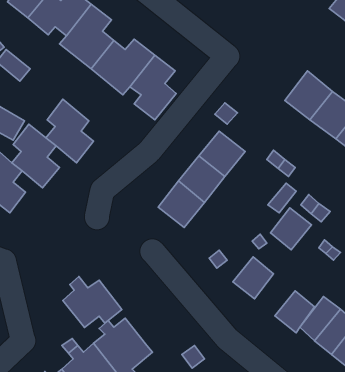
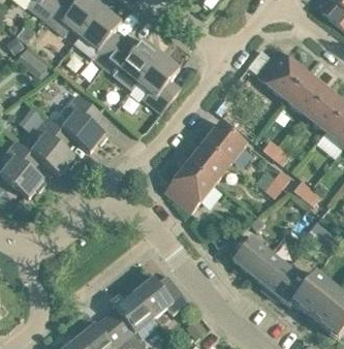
building: none -> [256,50,301,95]
building: [271,208,311,250] -> [252,253,289,291]
building: [63,277,122,328] -> [134,272,188,318]

